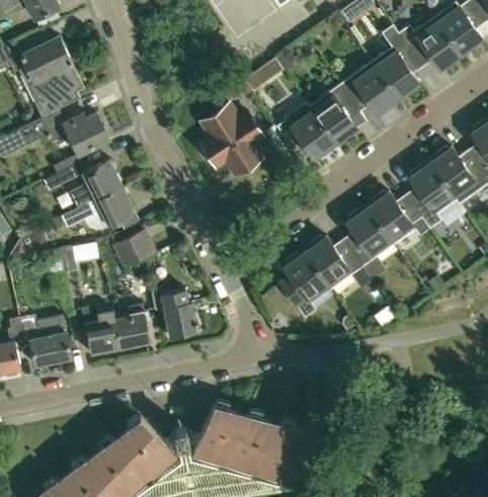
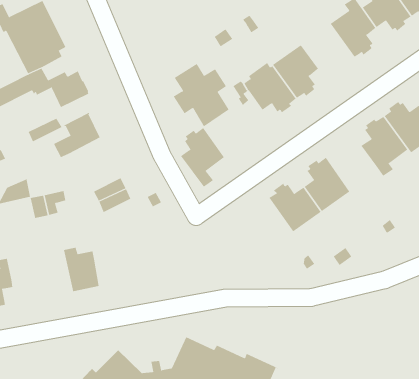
building: [340,62,398,114] -> none
building: [62,185,140,229] -> none
building: [368,190,421,244] -> none
building: [279,251,331,317] -> [180,127,228,188]
building: [152,286,197,337] -> none
building: [115,303,150,347] -> none
building: [20,314,71,364] -> none

